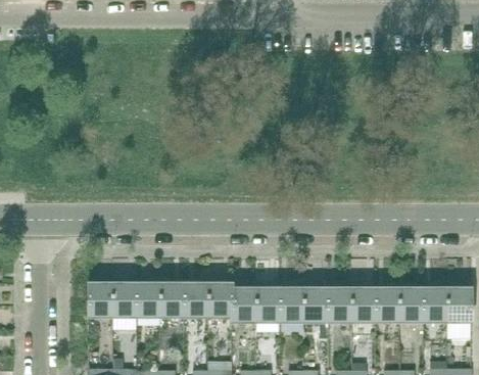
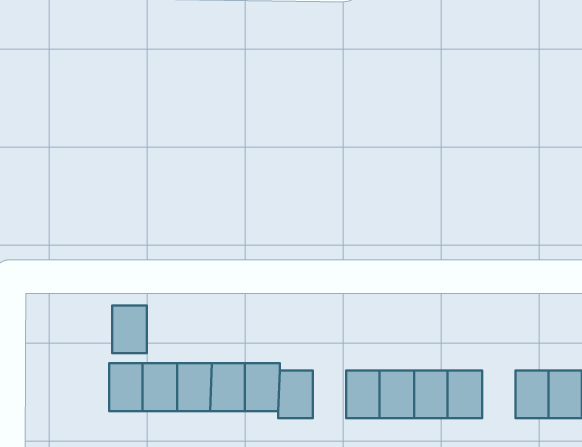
building: [88,282,112,316] -> [112,305,147,353]
building: [256,287,280,321] -> none
building: [376,287,399,321] -> none

